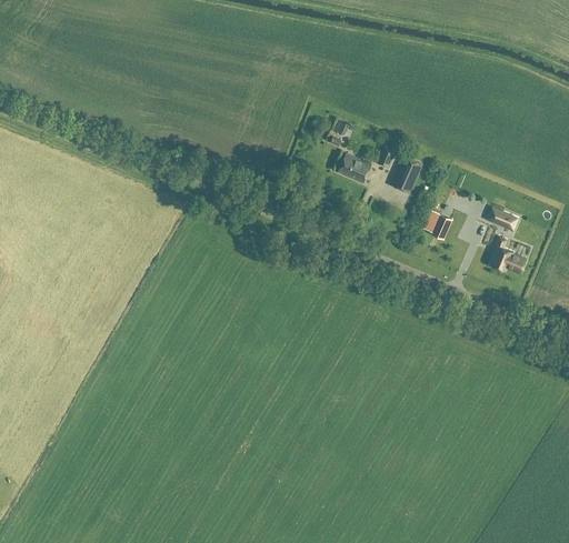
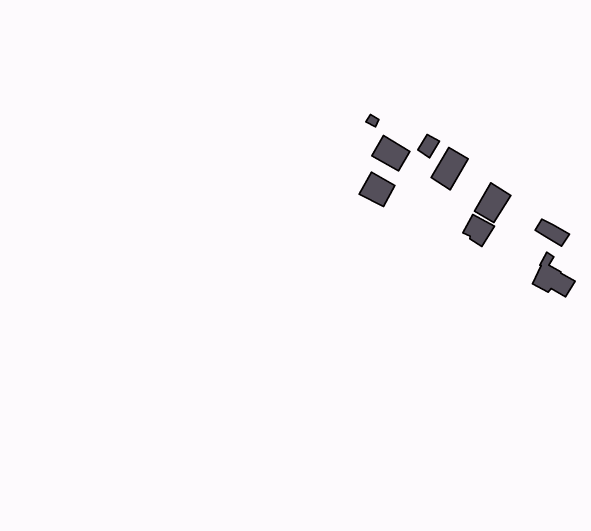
building: none -> [474,183,511,223]
building: none -> [359,172,395,206]

